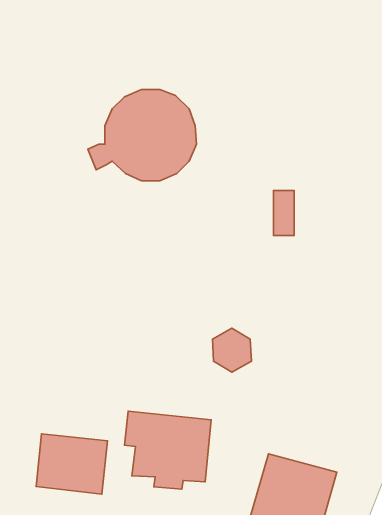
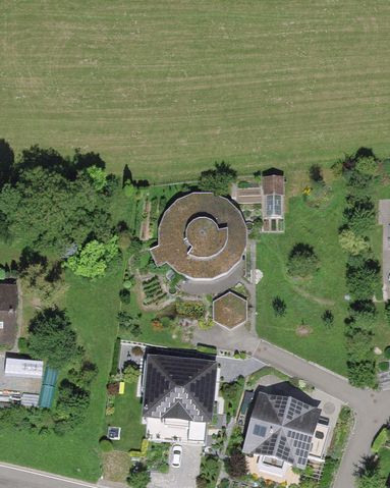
building: [88,89,196,181] -> [151,198,241,274]
building: [36,434,108,494] -> none

